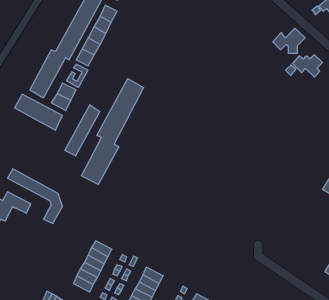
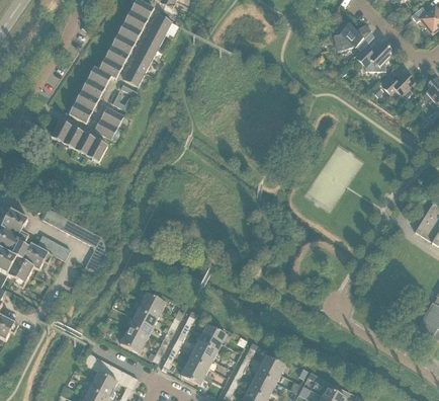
building: none -> [333,22,374,50]
building: [82,79,144,185] -> none
building: [65,105,100,156] -> none

